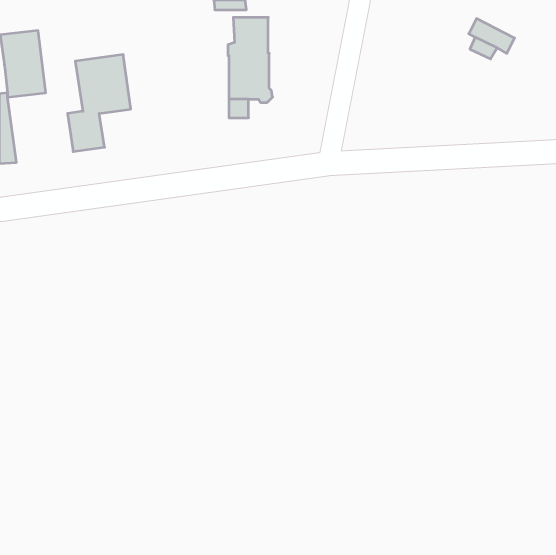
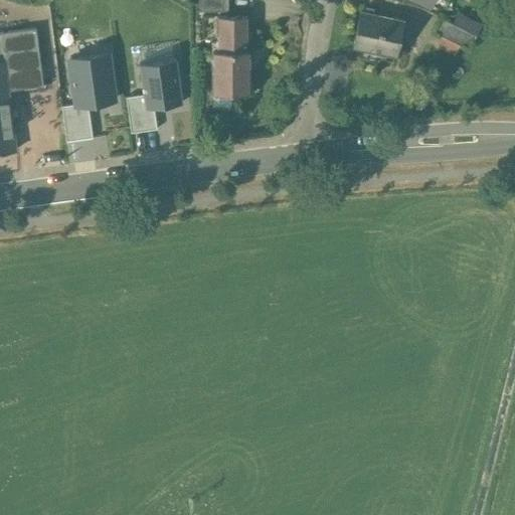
building: none -> [350,11,403,54]
building: none -> [129,60,178,131]

